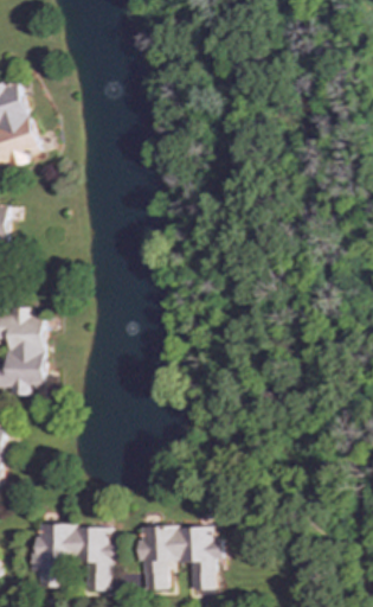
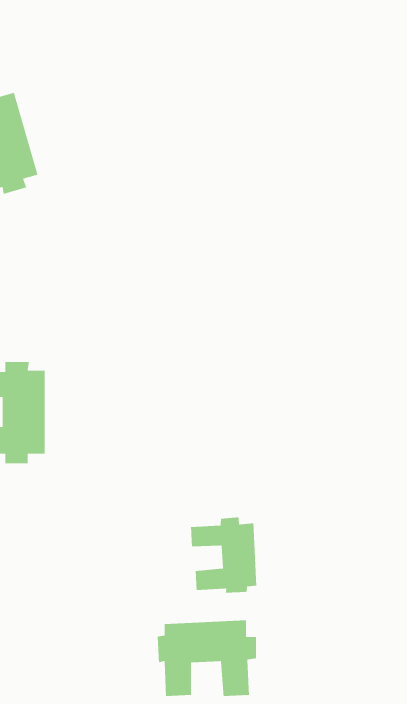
building: none -> [190,516,257,594]
building: [30,523,115,589] -> none

